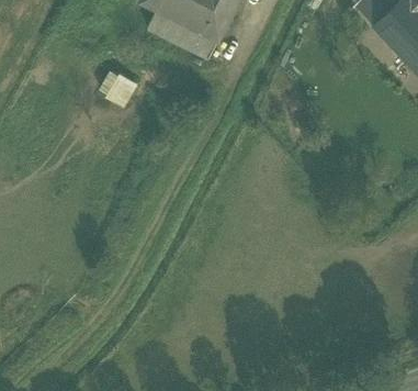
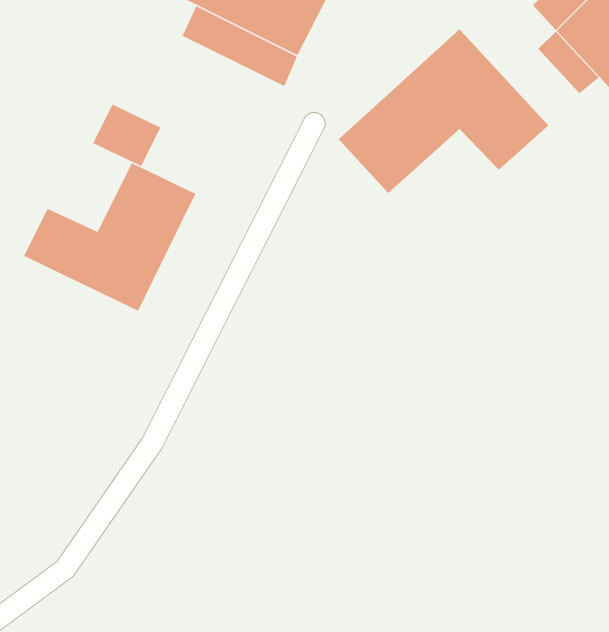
building: none -> [338,29,549,194]
building: none -> [23,162,197,312]

